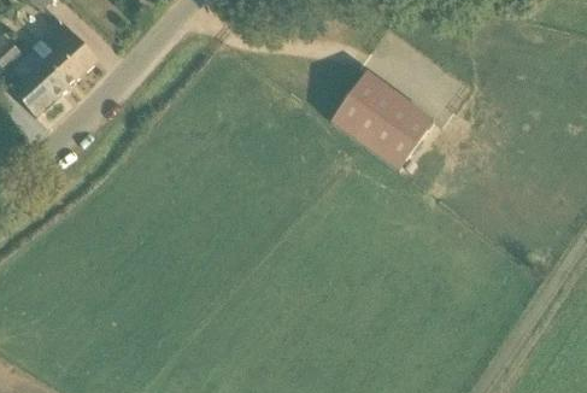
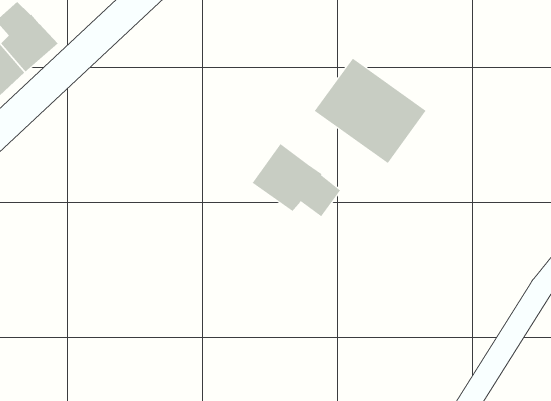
building: none -> [252,143,341,217]

